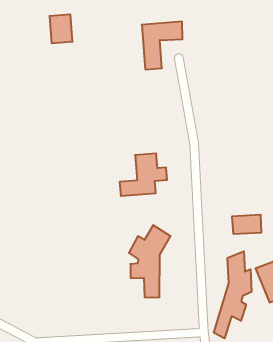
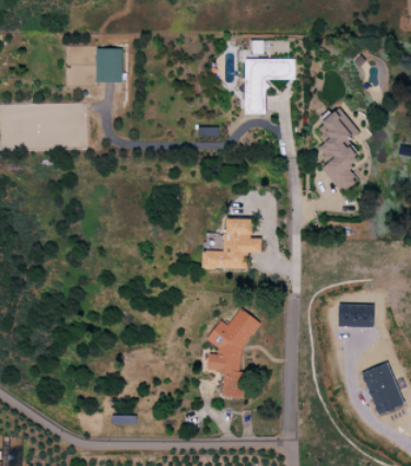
building: [49,14,73,43] -> [95,48,121,82]
building: none -> [315,108,361,193]
building: [214,251,251,338] -> none

